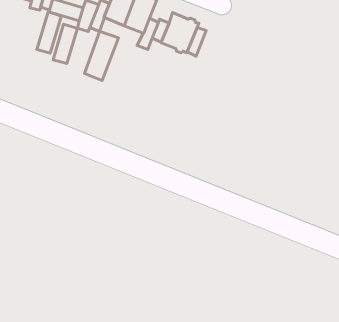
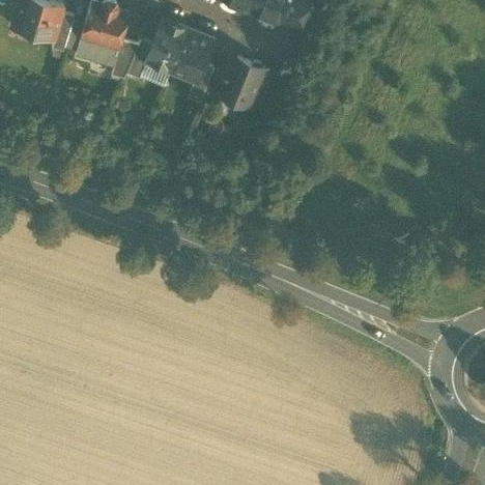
building: [37,12,61,53] -> none
building: [53,24,78,64] -> none
building: [85,31,119,81] -> none

